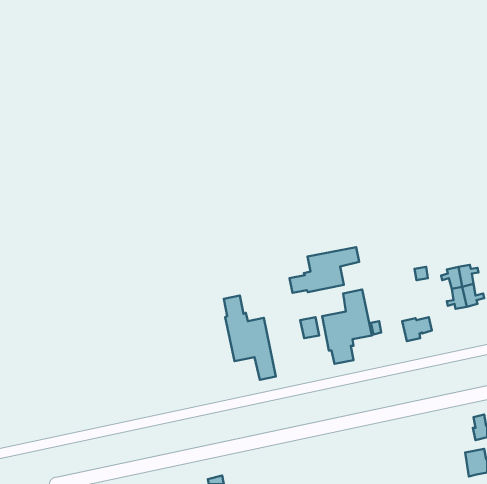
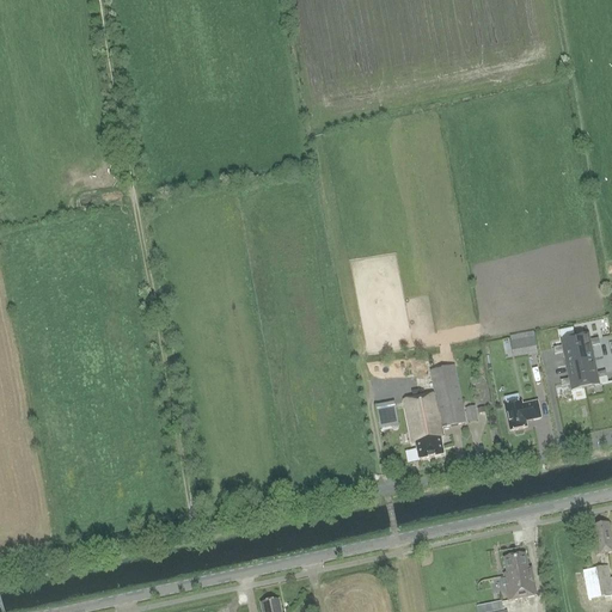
building: [290,247,359,293] -> none
building: [224,296,276,380] -> none
building: none -> [503,552,537,599]

